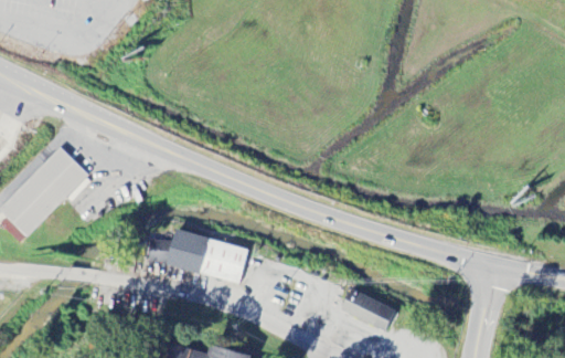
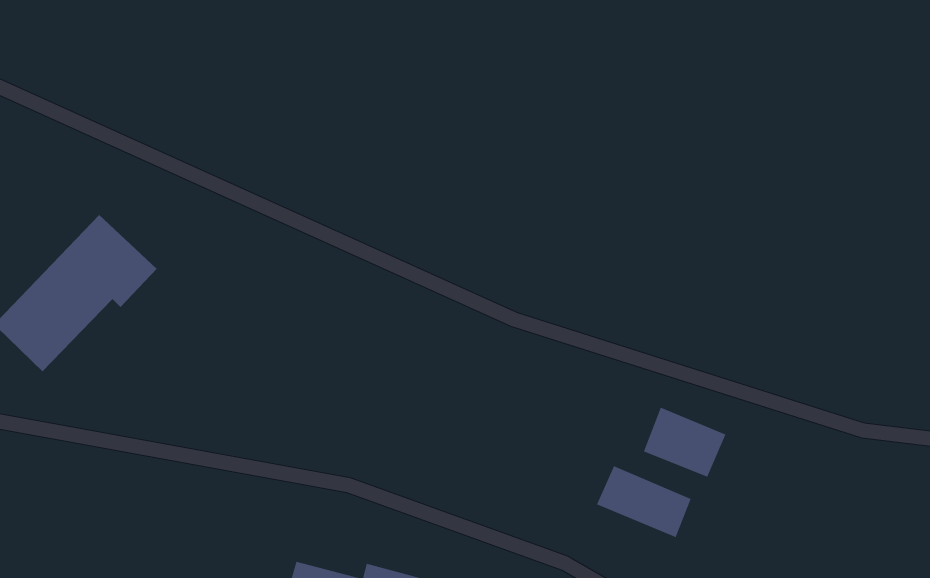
building: [145,230,246,283] -> none
building: none -> [643,407,726,478]

